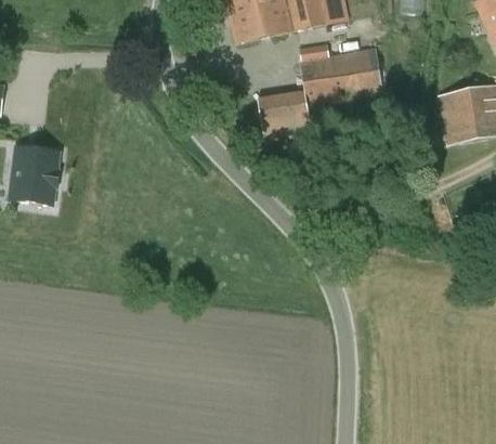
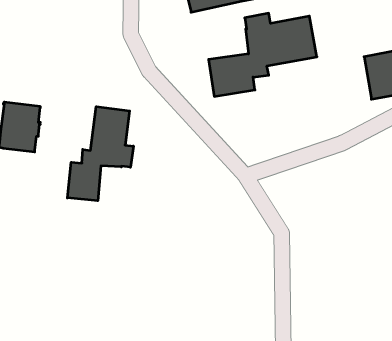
building: none -> [67,107,133,201]

